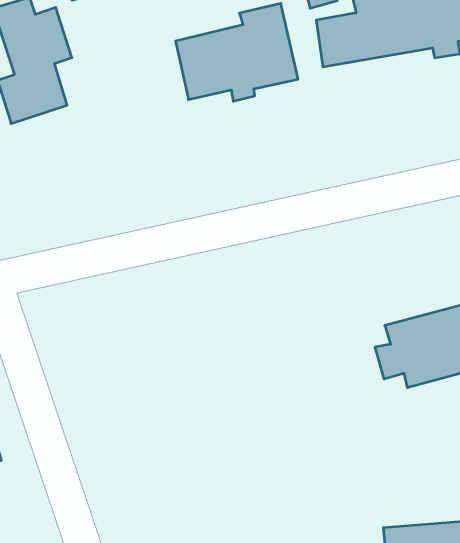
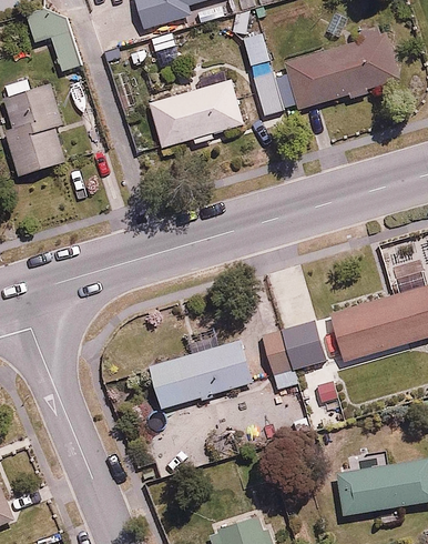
building: none -> [256,322,310,394]
building: none -> [145,333,253,413]

